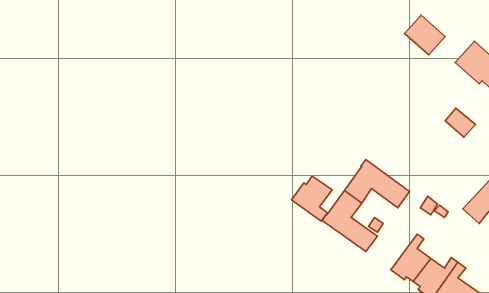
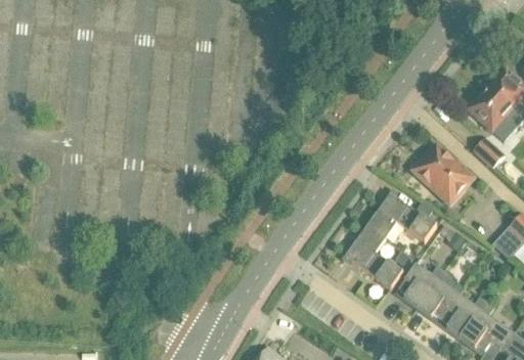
building: [405,15,445,55] -> [467,89,510,131]
building: none -> [411,143,474,205]
building: [291,176,332,221] -> none
building: none -> [397,265,444,308]

